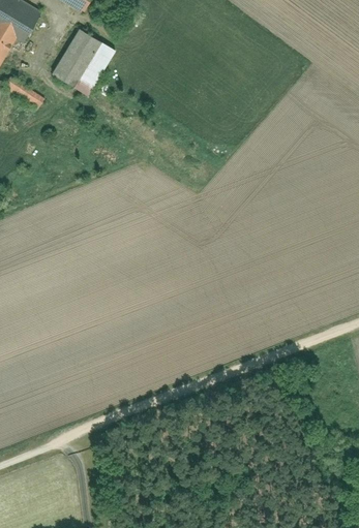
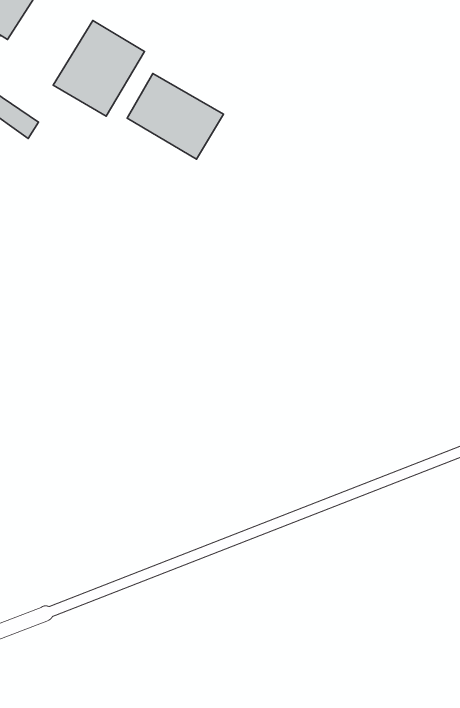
building: none -> [127,74,224,159]

